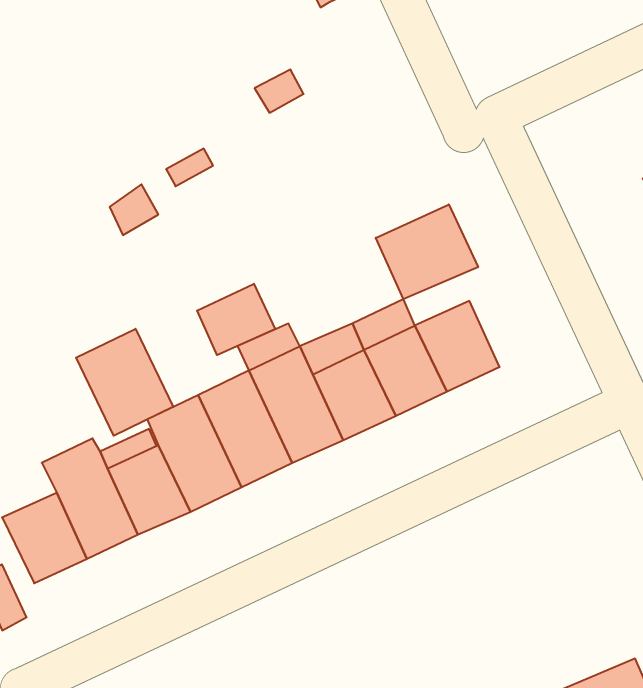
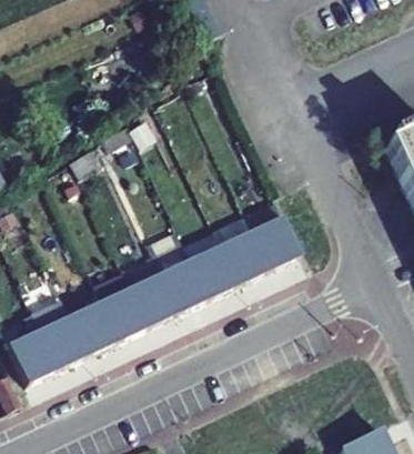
building: [376,204,478,299] -> none
building: [197,284,275,355] -> none
building: [76,329,173,436] -> none

